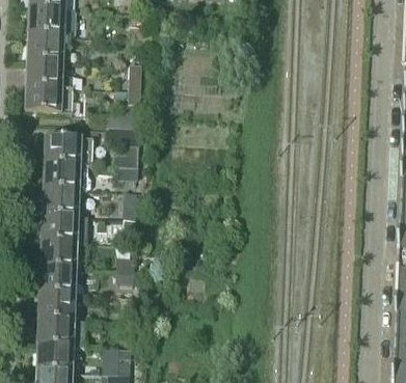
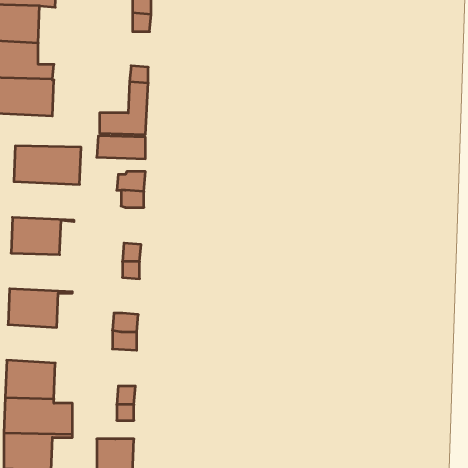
building: [44,158,92,186] -> none
building: [42,210,88,238] -> none
building: [39,262,76,290] -> none

